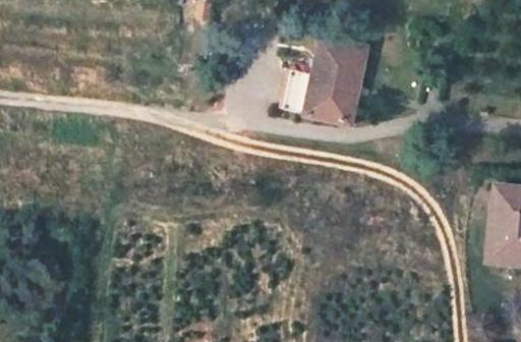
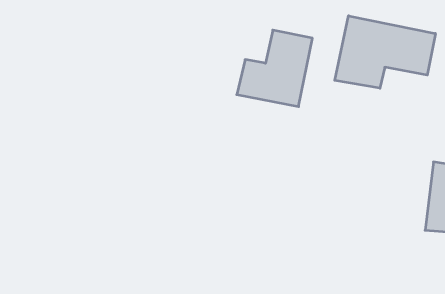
building: none -> [335,16,435,88]

